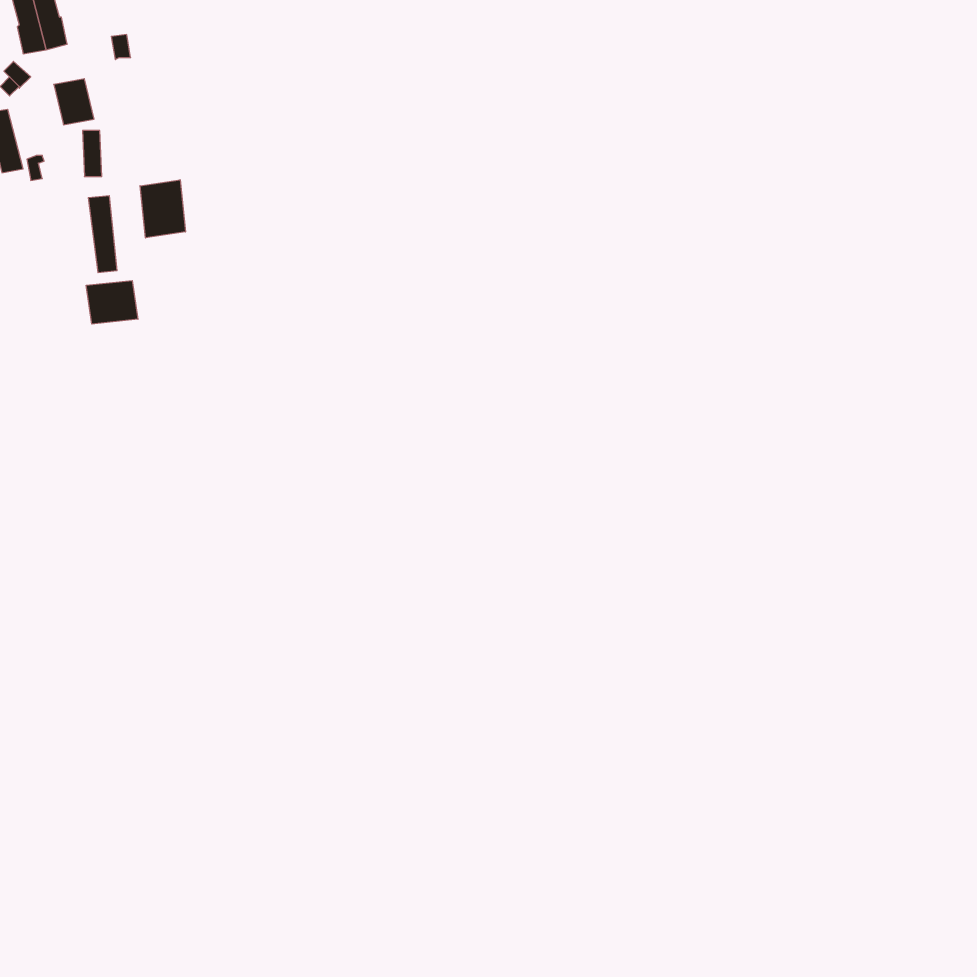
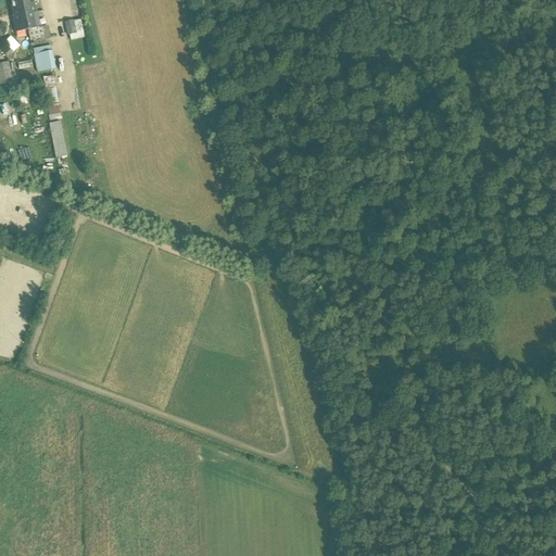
building: [140,180,185,238] -> none
building: [86,281,138,324] -> none

